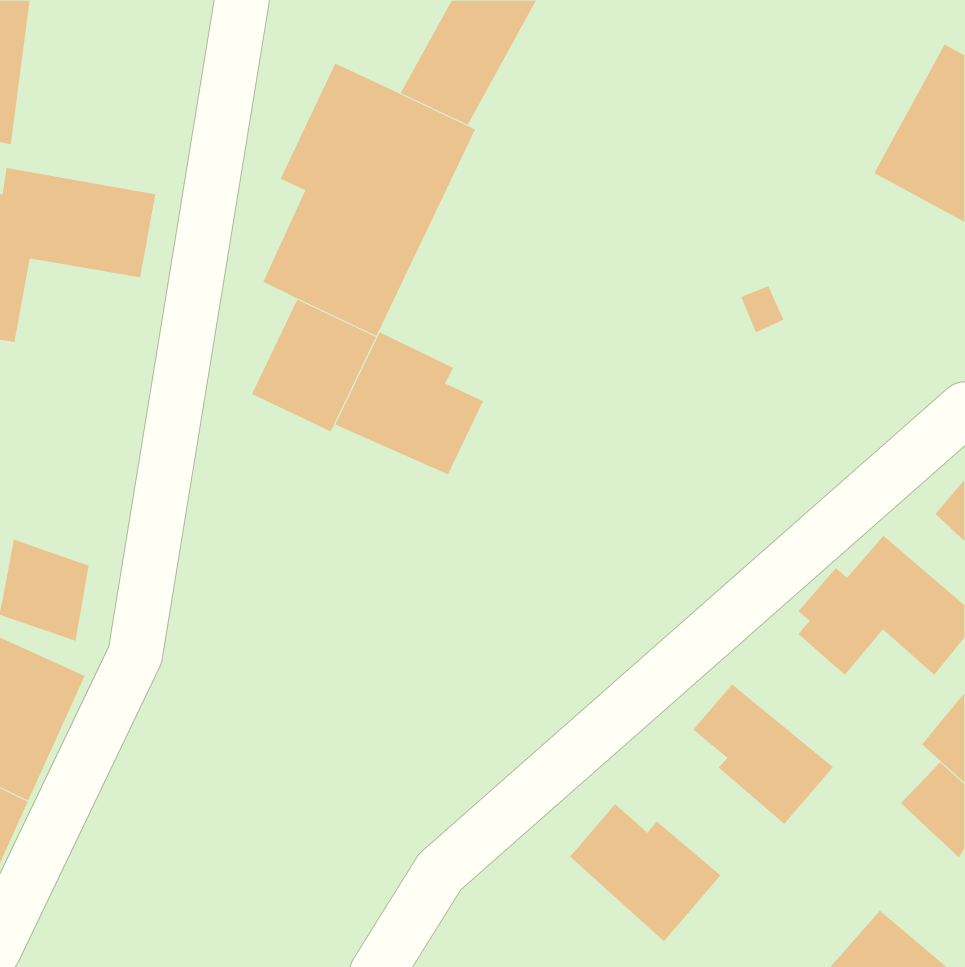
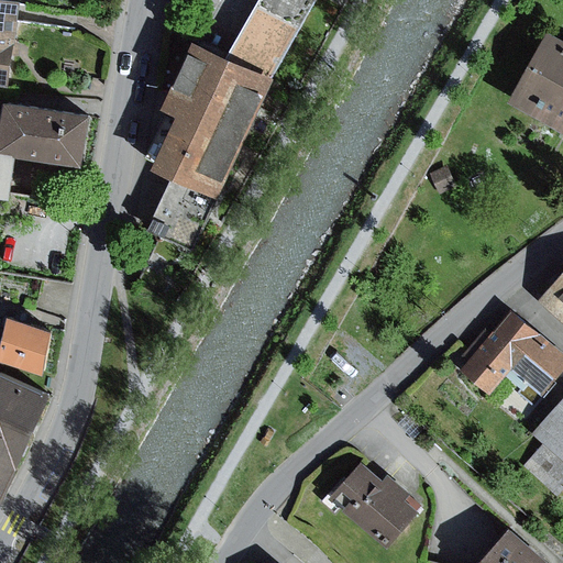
building: [335,332,484,475] -> none
building: [693,683,834,825] -> none

